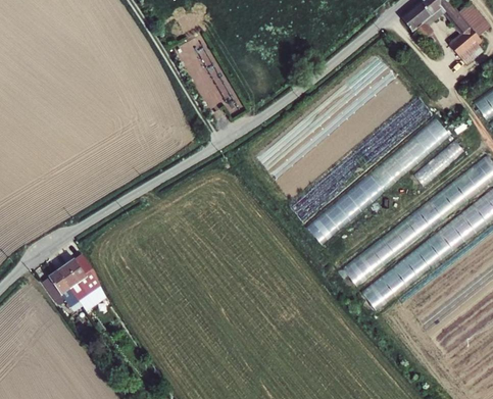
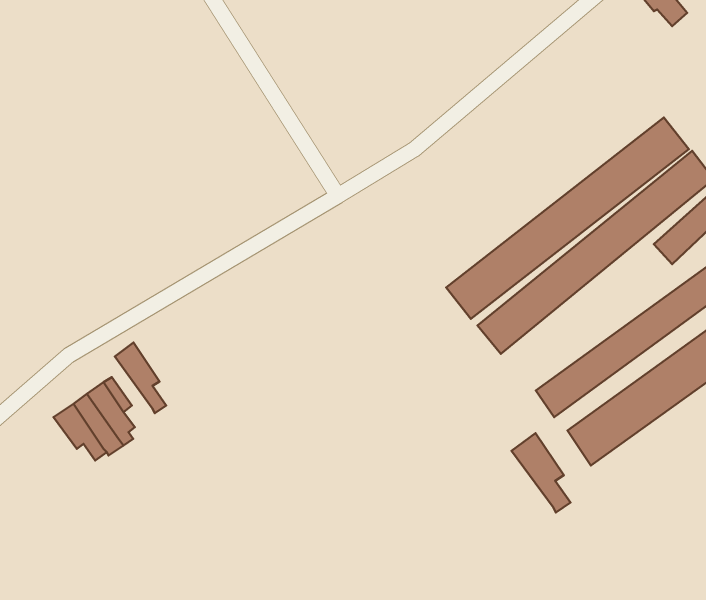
building: none -> [115,343,166,413]
building: none -> [511,433,571,513]

